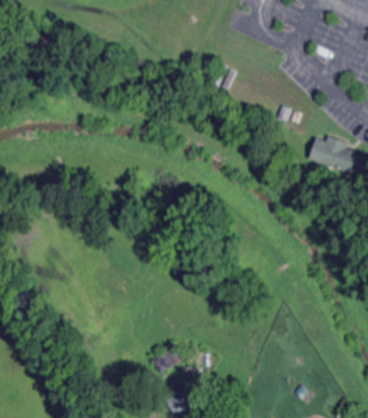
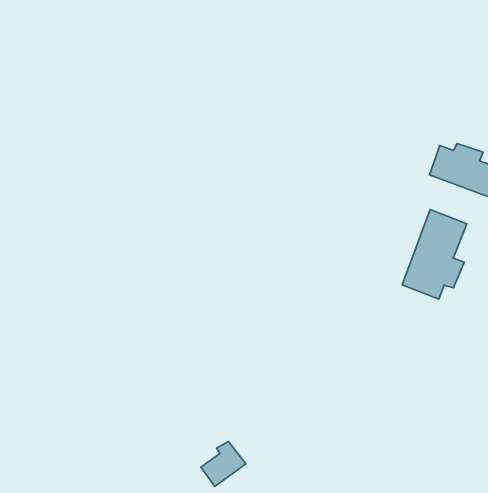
building: none -> [402,210,467,299]

